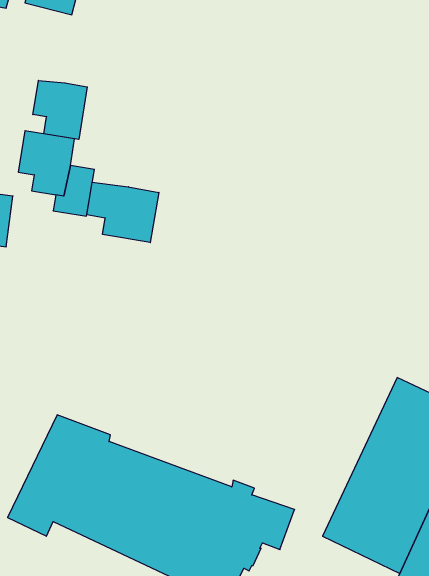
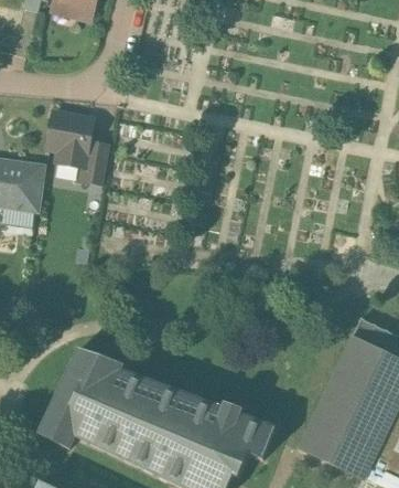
building: [33,80,87,139] -> none
building: [87,182,159,243] -> none

